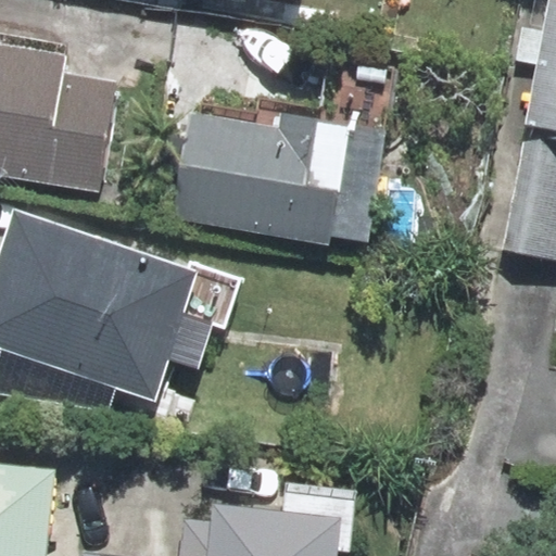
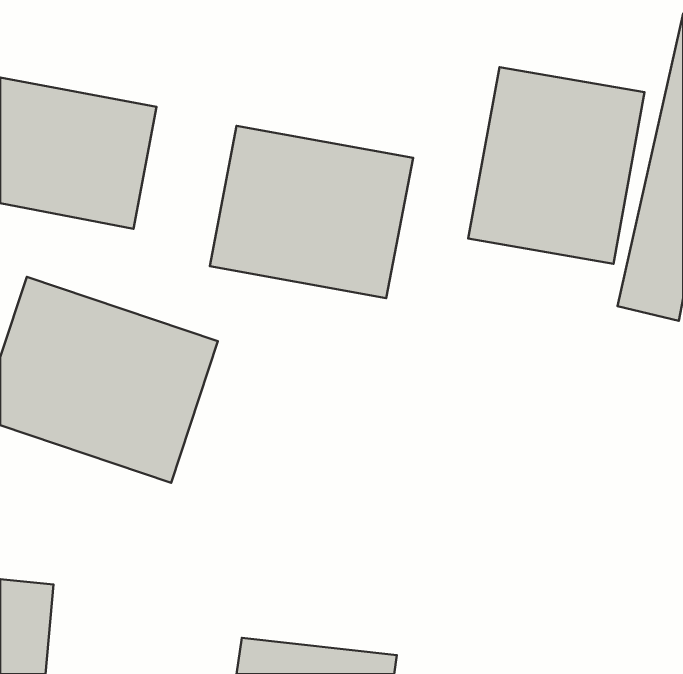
building: none -> [468,67,645,264]

